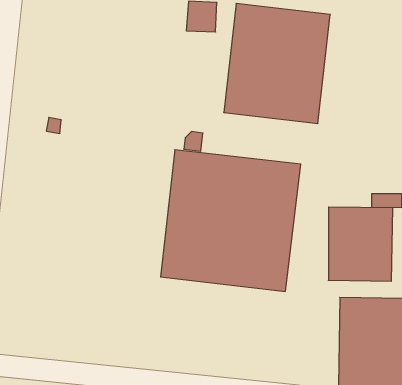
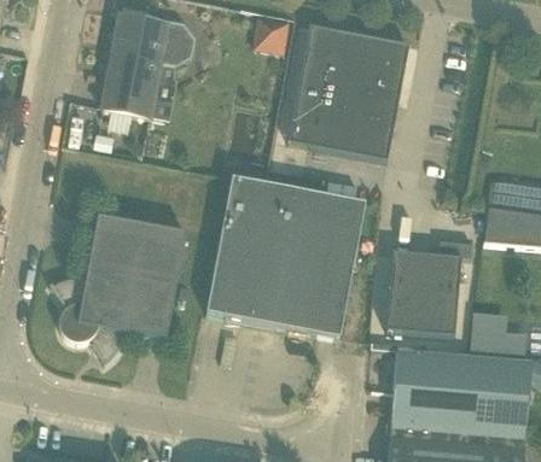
building: none -> [101,12,194,116]
building: none -> [48,214,186,362]

